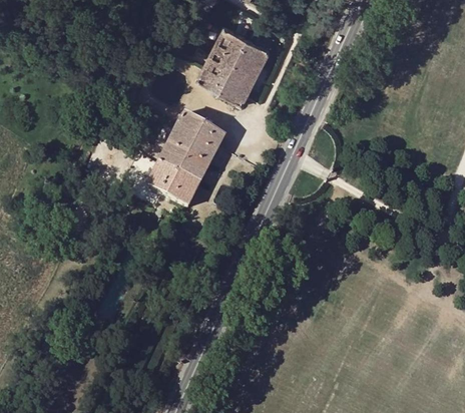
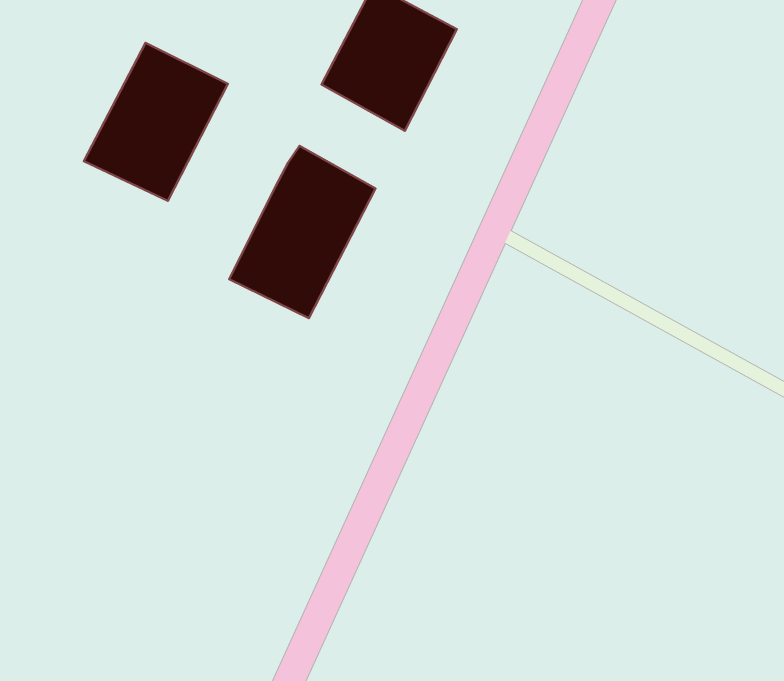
building: none -> [84,43,228,201]

